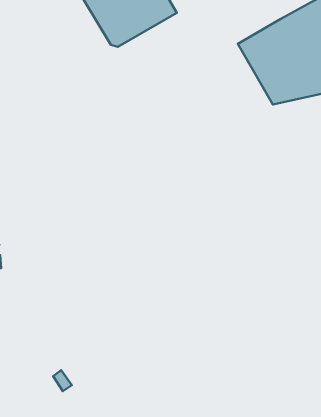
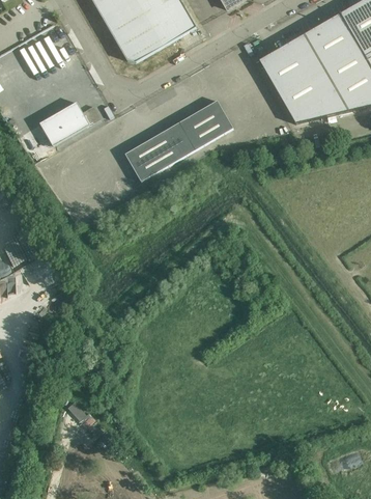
building: none -> [124,100,233,182]
building: none -> [38,101,99,144]

